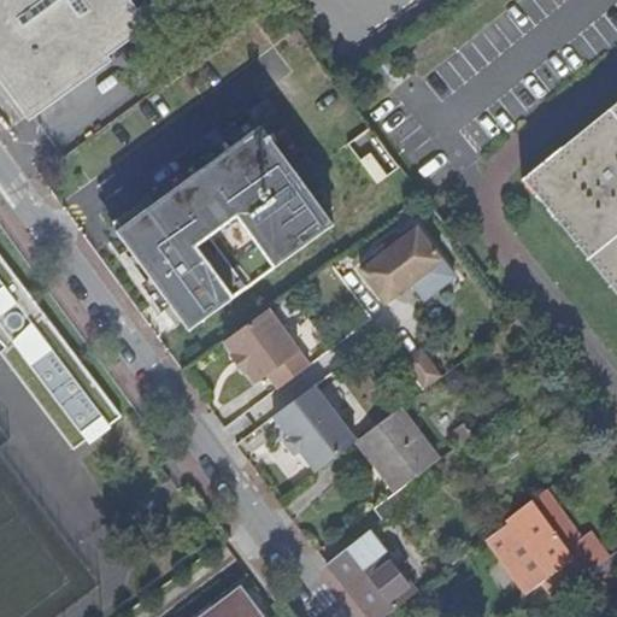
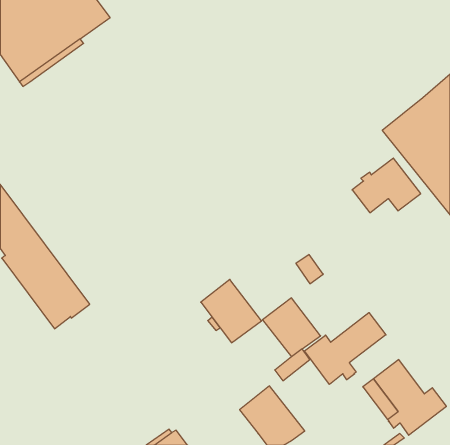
building: [111,128,329,333] -> none
building: [363,227,457,301] -> [352,158,421,213]
building: [227,307,310,384] -> none
building: none -> [304,313,386,384]

